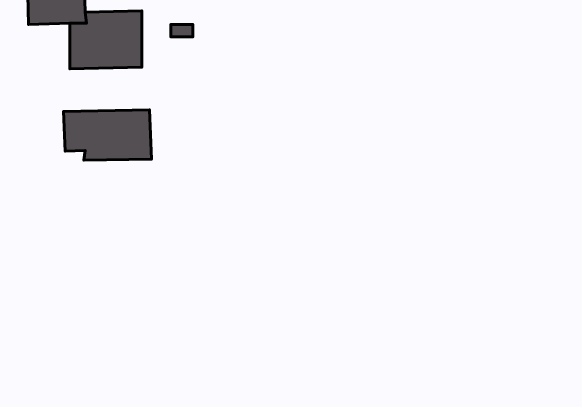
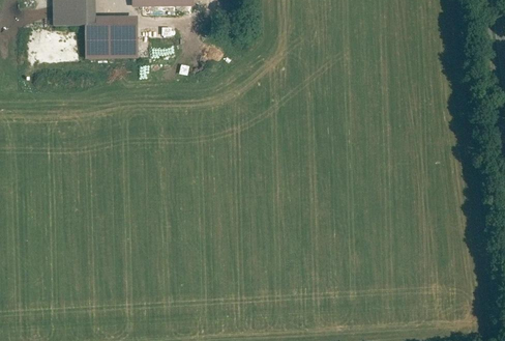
building: [63,110,152,160] -> none

